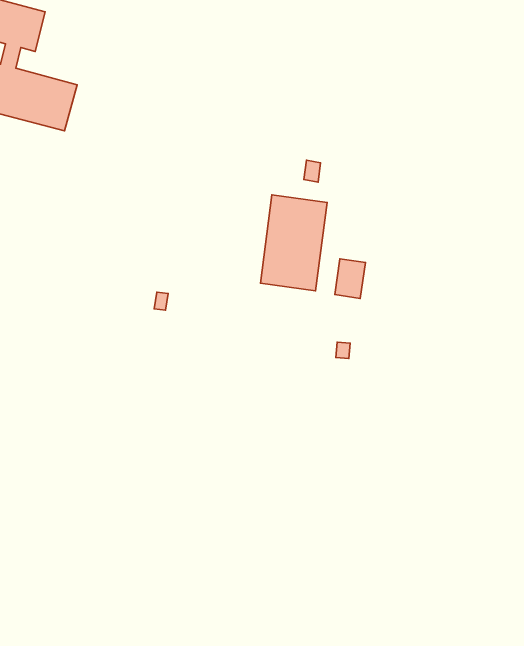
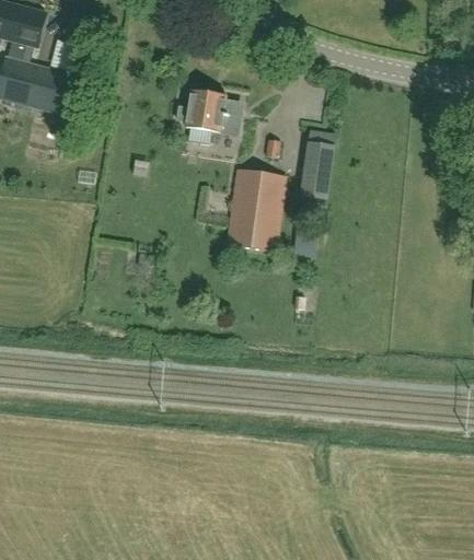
building: none -> [176,90,241,137]
building: none -> [301,130,335,199]

